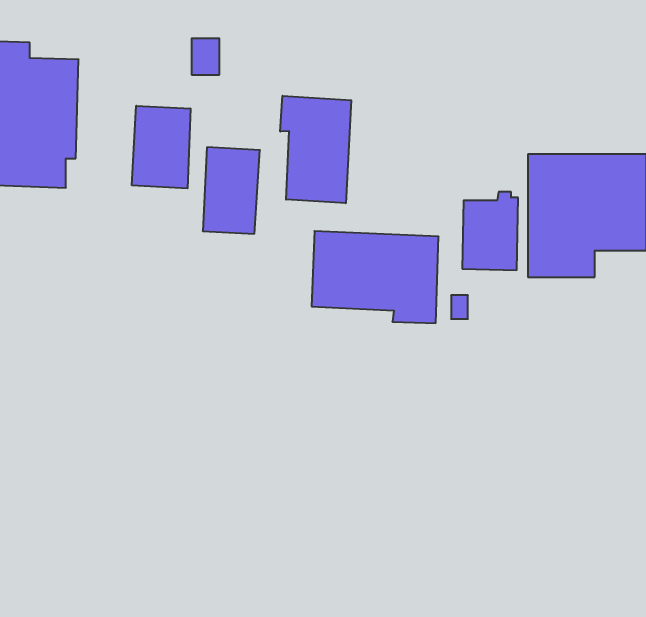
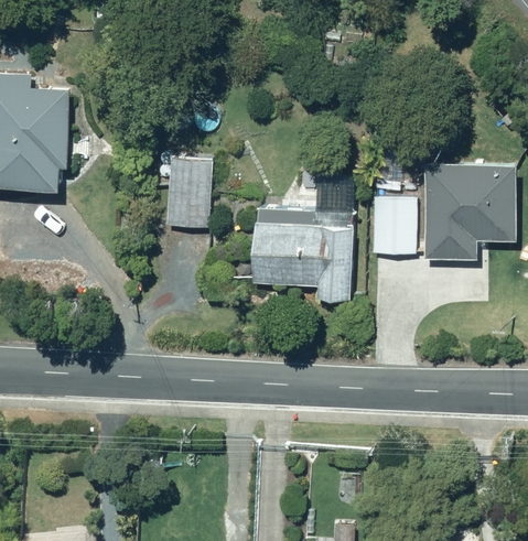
building: [280,96,351,203] -> none
building: [132,106,190,188] -> none

